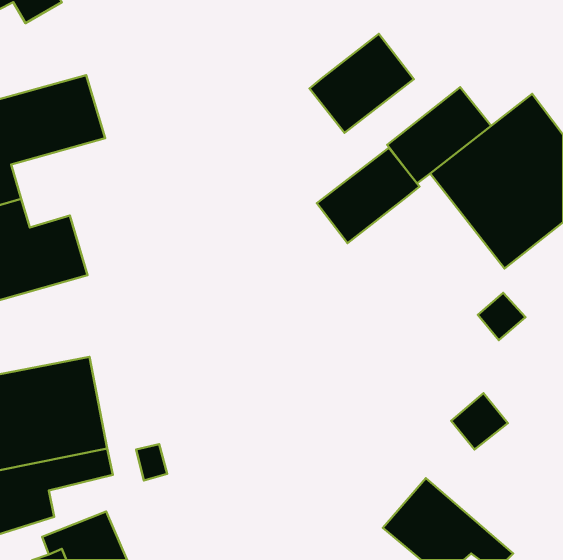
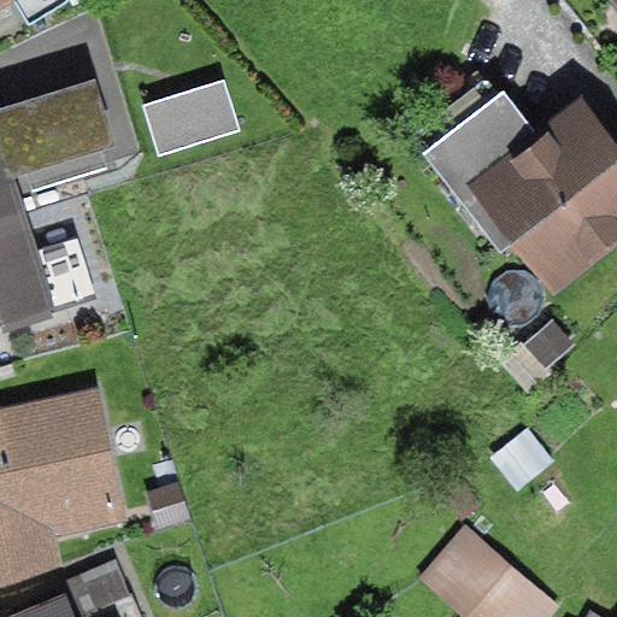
building: [310,34,414,133] -> none
building: none -> [141,81,240,158]
building: [317,148,420,243] -> none

